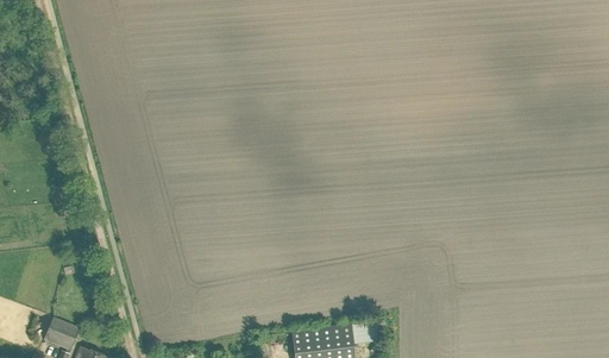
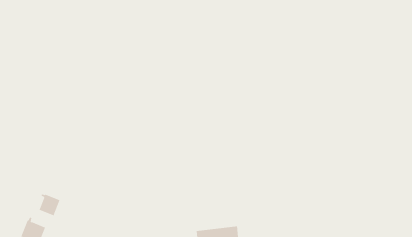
building: none -> [39,193,60,216]

